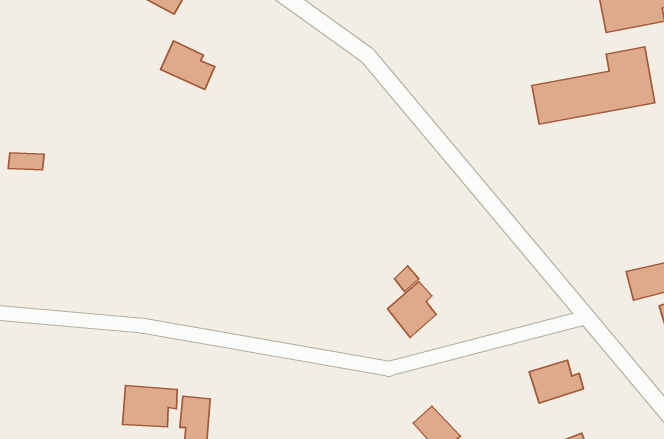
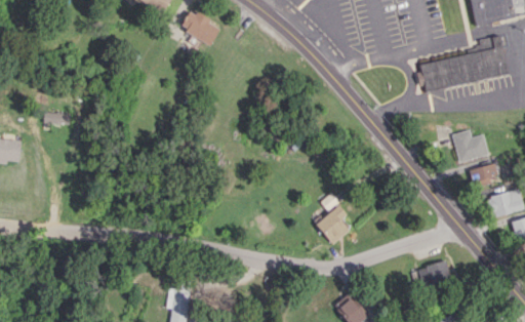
building: [160,41,215,89] -> [180,9,219,44]
building: none -> [451,129,489,163]
building: none -> [467,162,499,188]
building: [123,385,177,427] -> none

